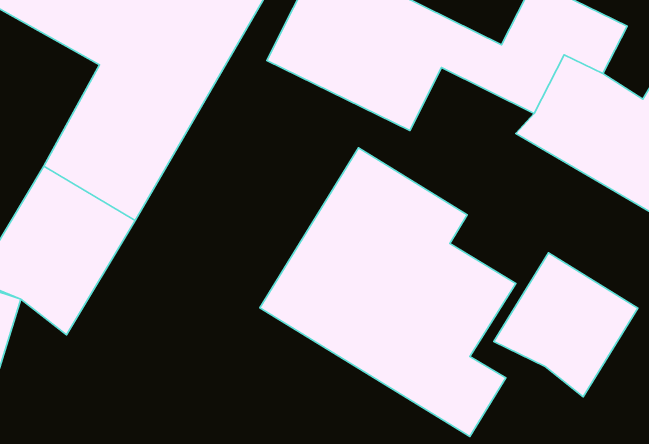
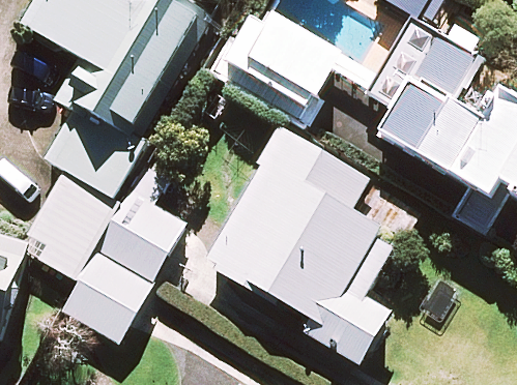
building: none -> [55,197,175,346]
building: [494,253,638,397] -> none

